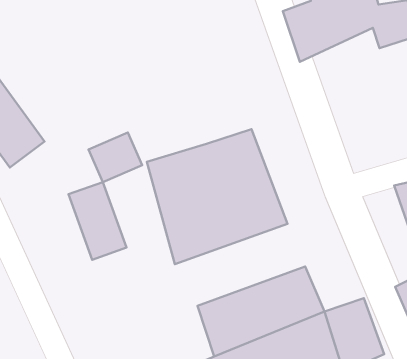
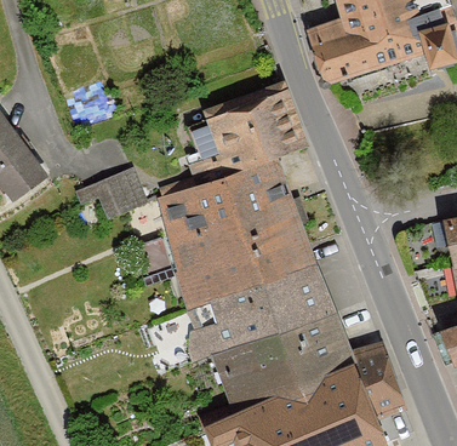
building: none -> [204,85,315,177]
building: [69,182,127,260] -> none
building: none -> [193,263,333,355]

